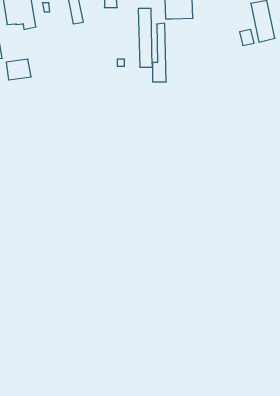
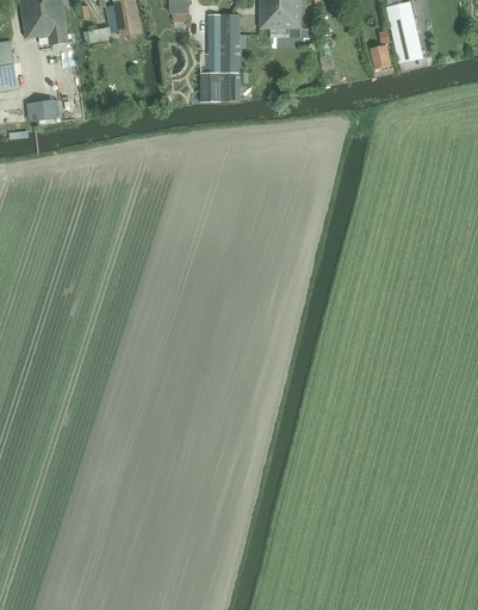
building: [153,23,166,82] -> [201,14,222,101]

